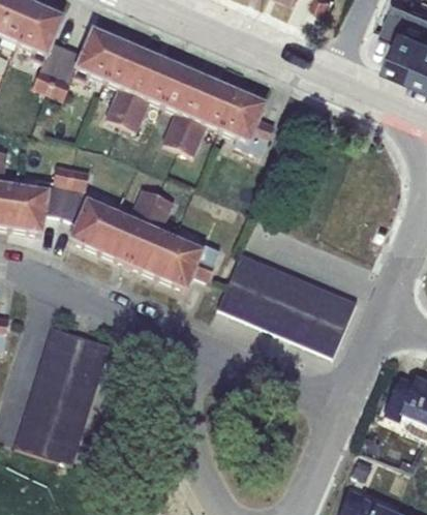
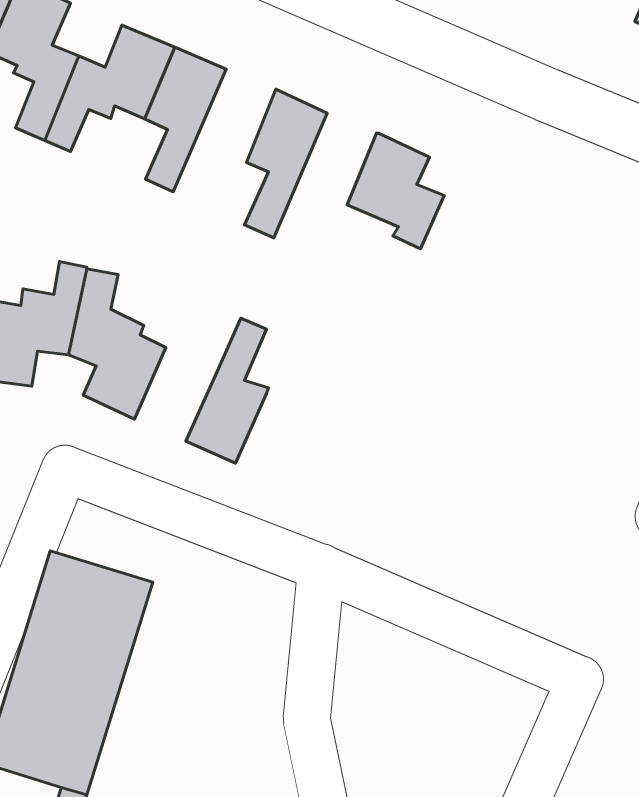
building: [121,55,179,130] -> none
building: [178,80,237,157] -> none
building: [99,187,159,265] -> none
building: [156,235,220,290] -> none
building: [217,251,357,357] -> none

